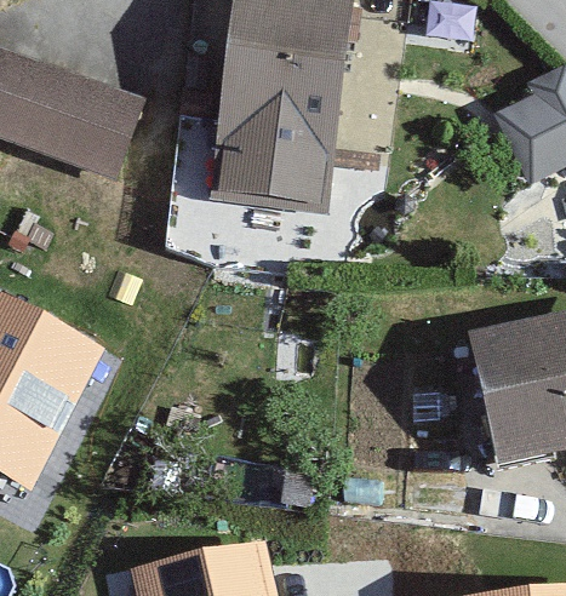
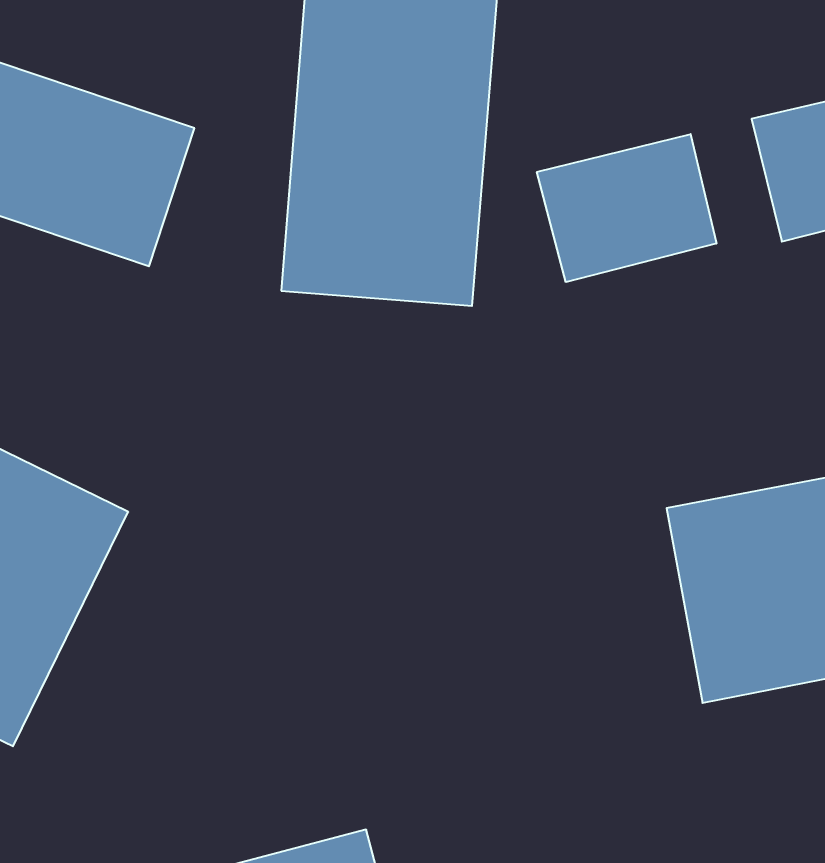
building: none -> [537,134,716,282]

